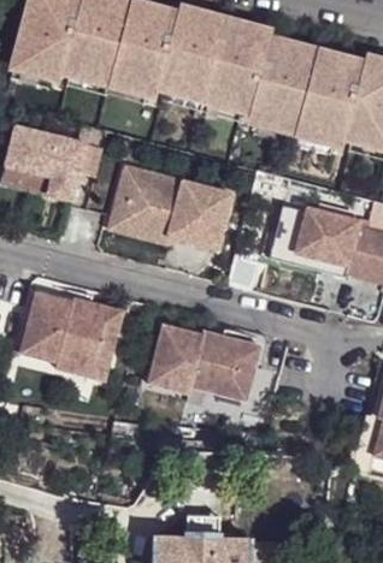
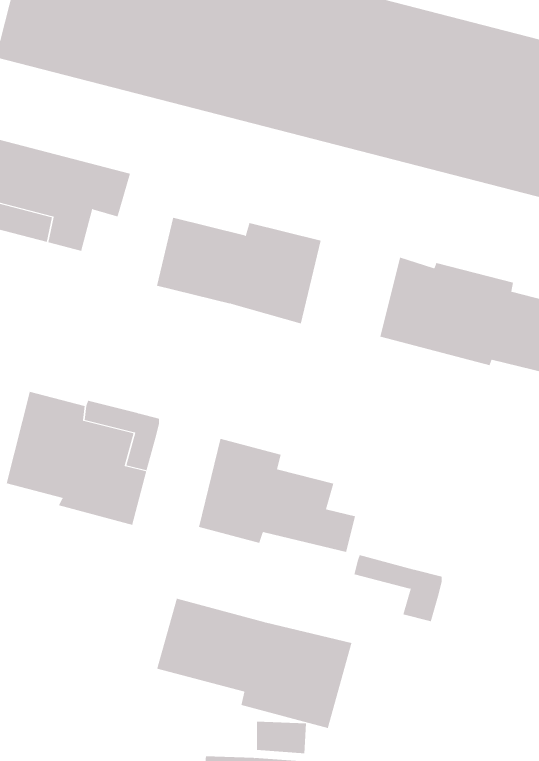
building: [108,166,182,243] -> none
building: [201,331,260,375] -> [354,555,443,622]
building: none -> [156,598,352,729]

